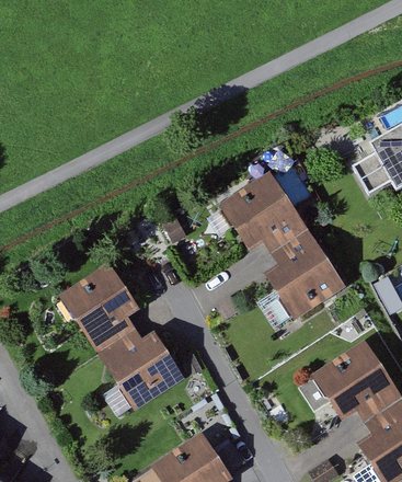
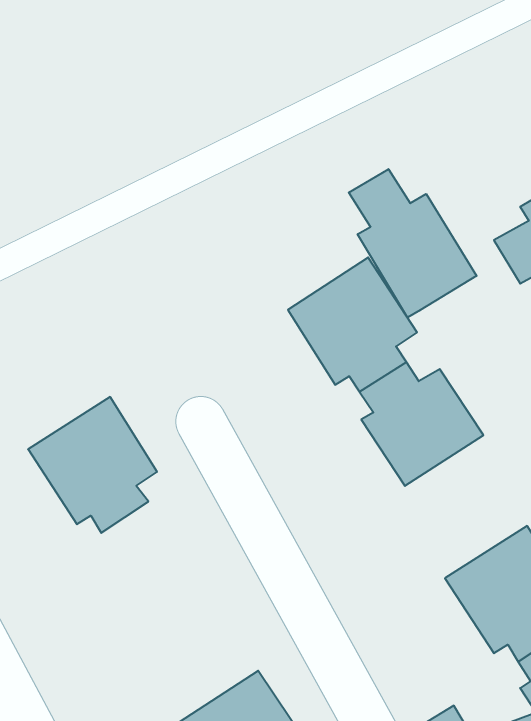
building: none -> [349,169,477,317]
building: [104,328,182,405] -> none

